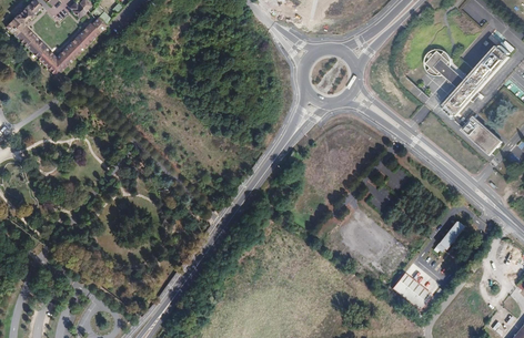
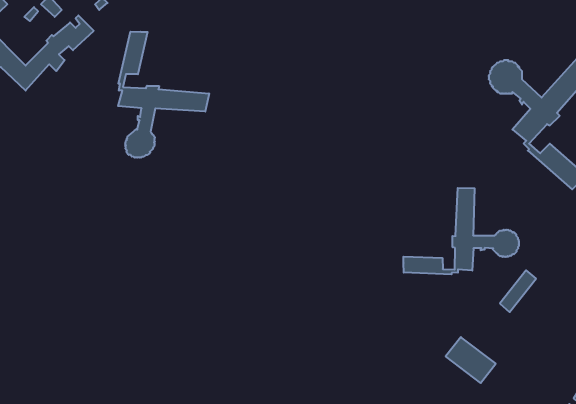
building: none -> [118,32,209,158]
building: none -> [403,188,519,274]

